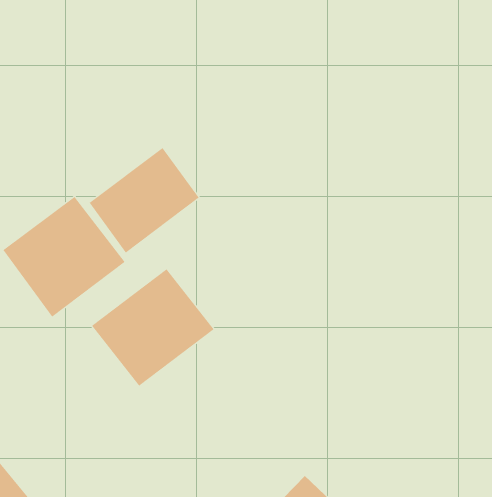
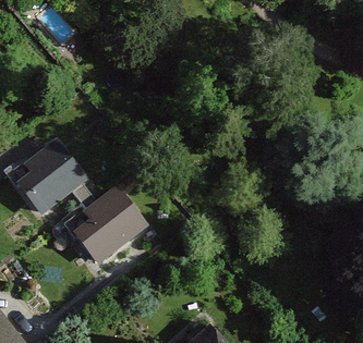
building: [89,147,199,253] -> none

